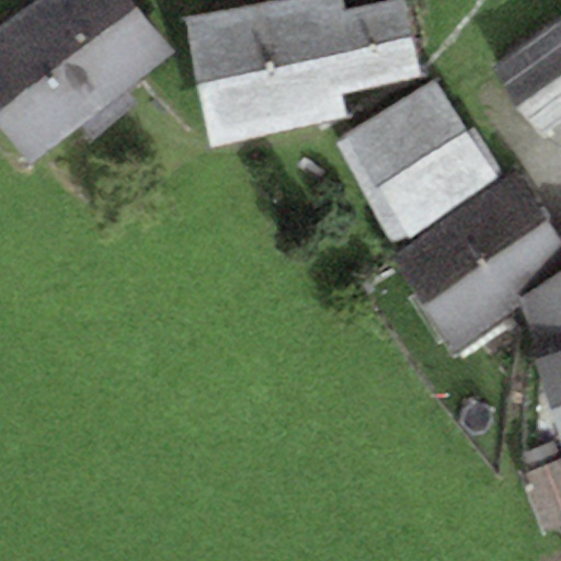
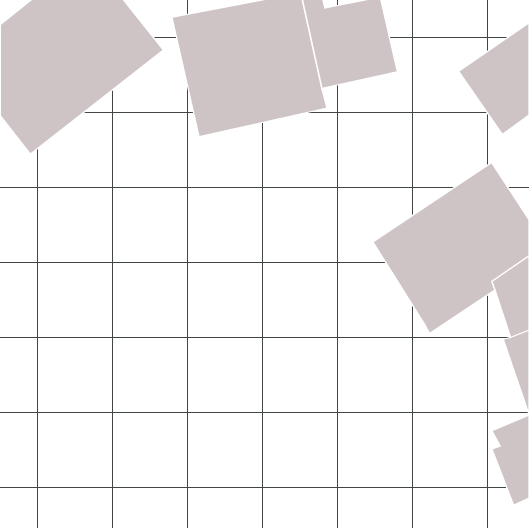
building: [334,78,502,244] -> none

